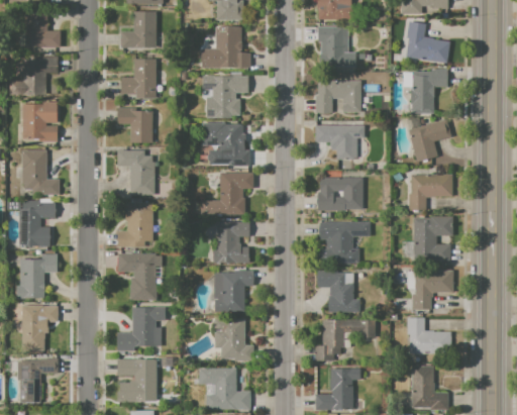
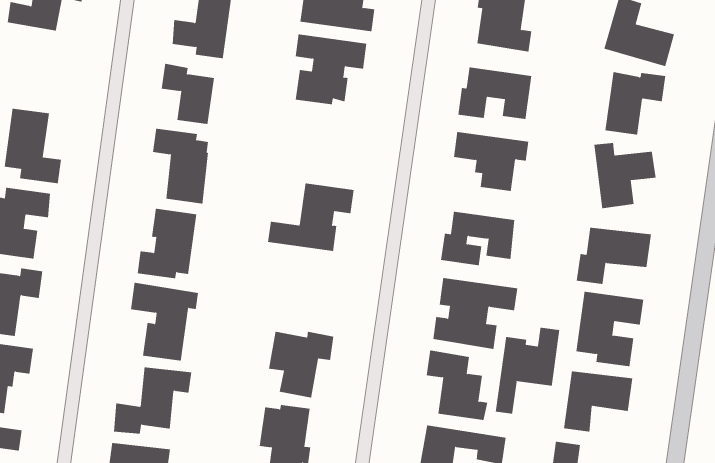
building: [23,101,60,141] -> none
building: [204,122,251,165] -> none
building: [213,221,249,266] -> none
building: none -> [495,327,560,415]

